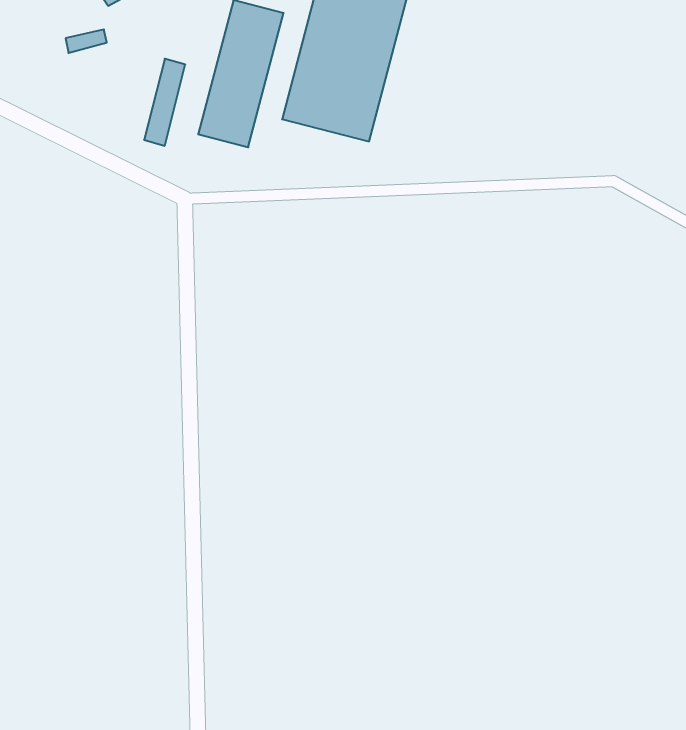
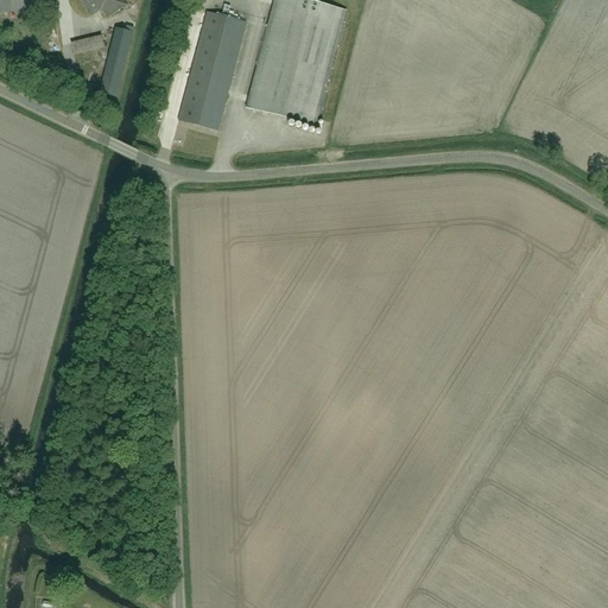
building: [144,59,185,146] -> [100,25,133,95]

